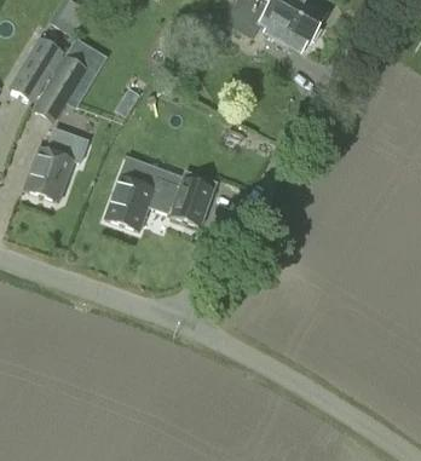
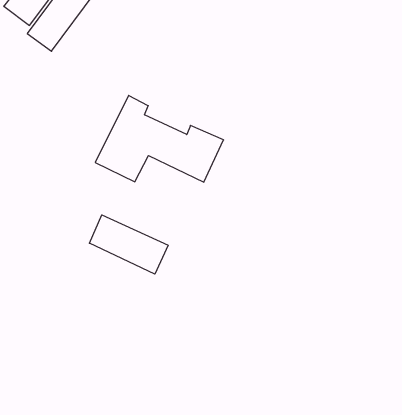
building: [23,129,81,201] -> none
building: none -> [89,215,168,274]

